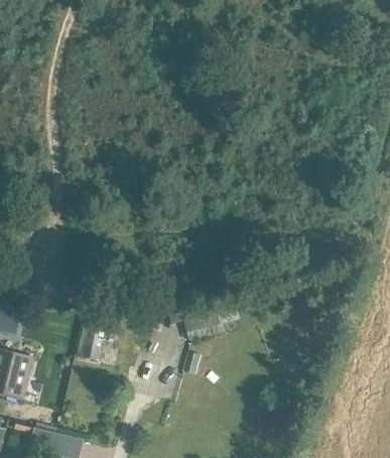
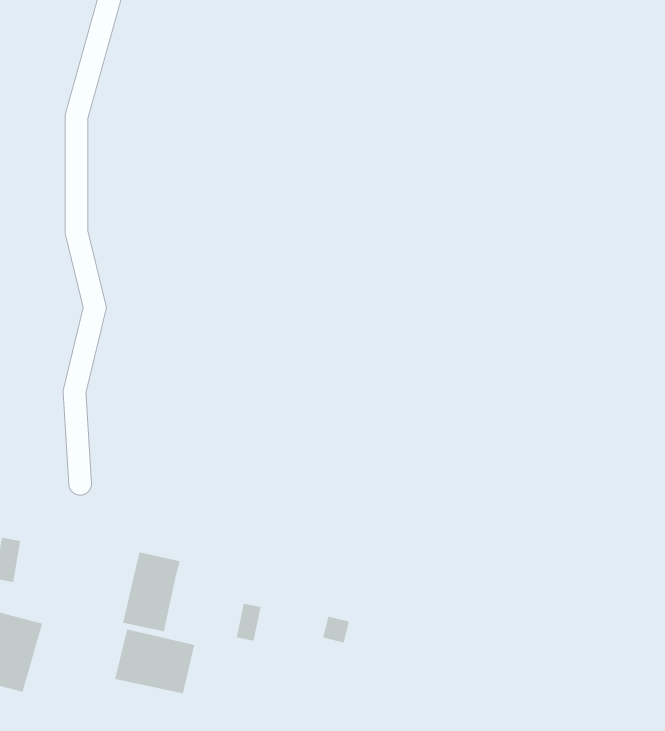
building: none -> [114,629,195,694]

